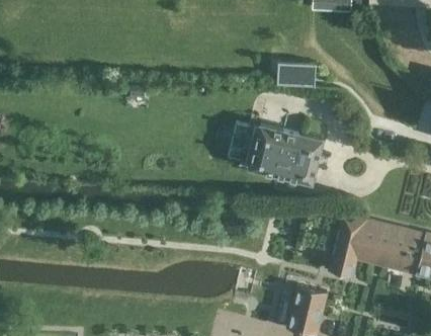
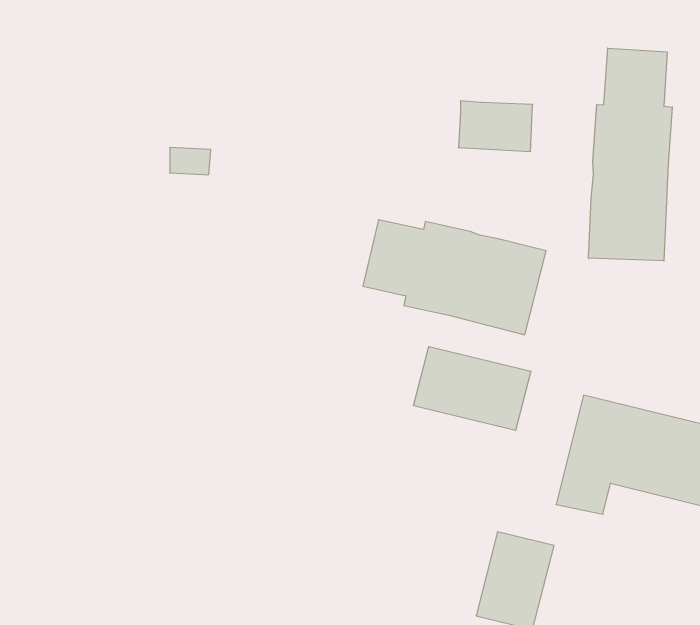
building: none -> [588,48,672,261]
building: none -> [414,346,531,430]

